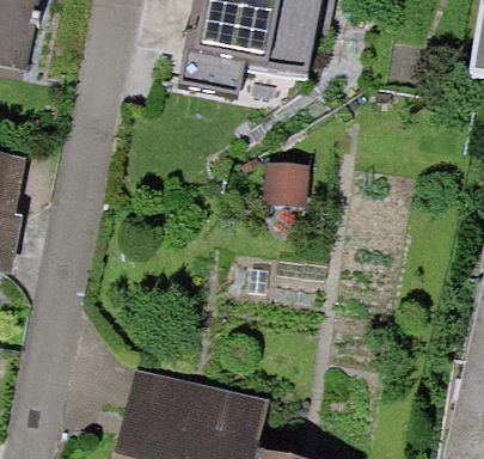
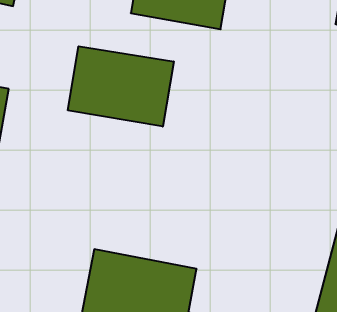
building: none -> [68,46,174,127]

